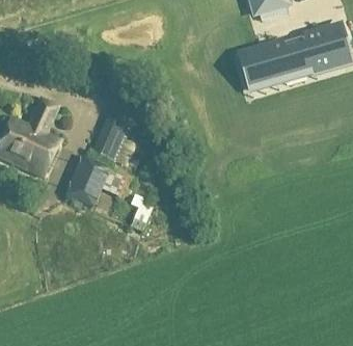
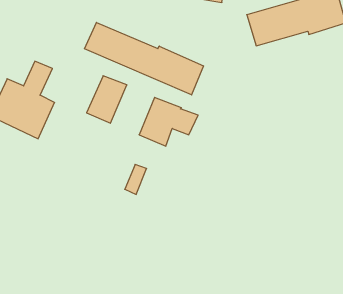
building: none -> [84,22,204,95]
building: [65,156,125,205] -> [139,97,198,146]

